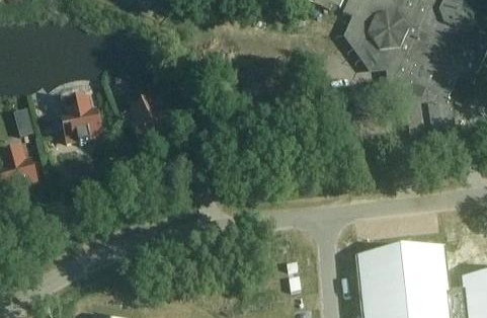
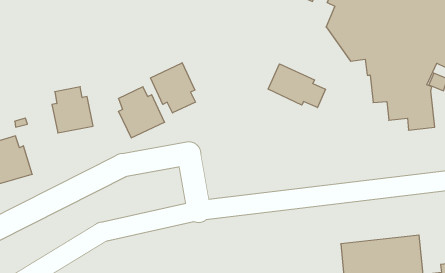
building: none -> [151,63,195,113]
building: none -> [268,64,326,108]

